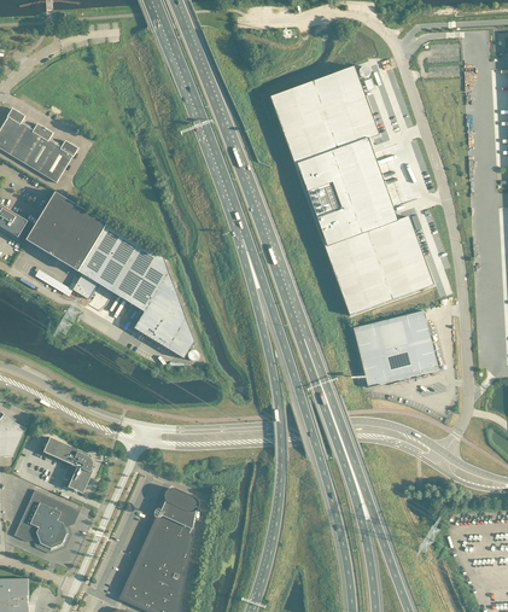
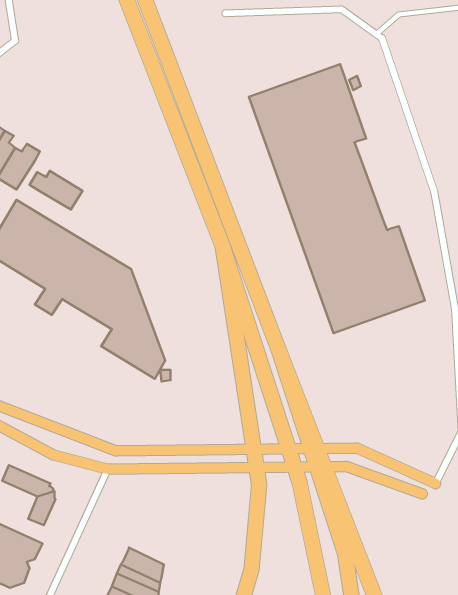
building: none -> [29,171,83,210]
building: [352,310,438,386] -> none
building: [159,489,198,529] -> none

